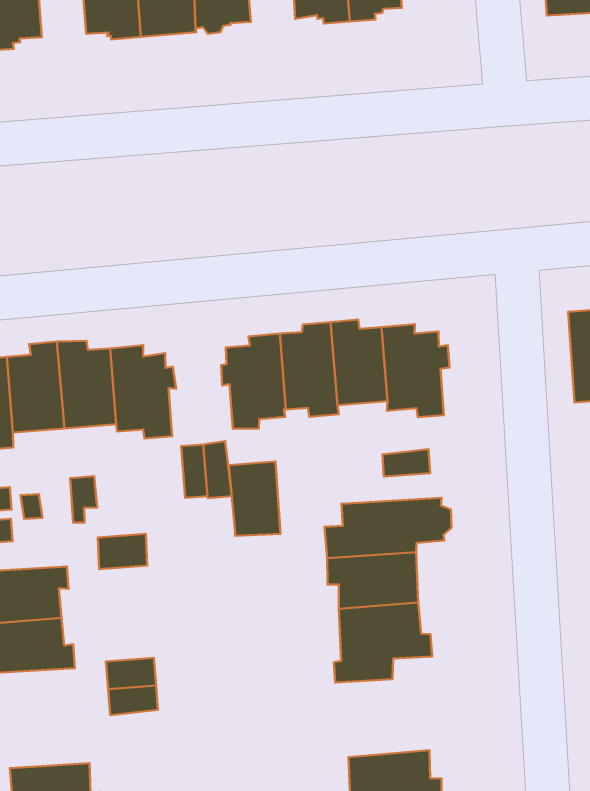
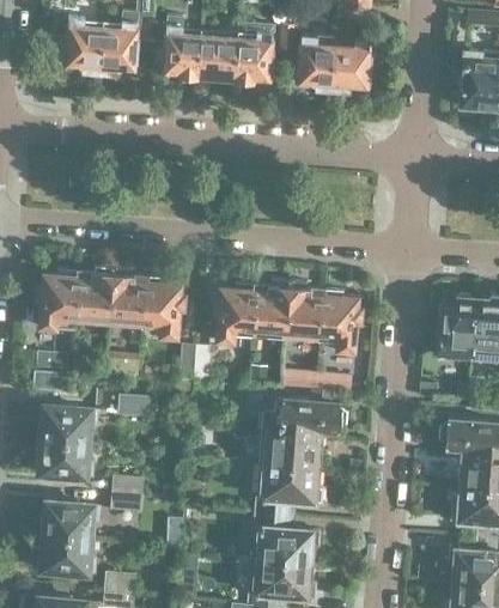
building: [229,461,280,536] -> none
building: none -> [255,512,320,565]
building: none -> [39,504,98,540]

